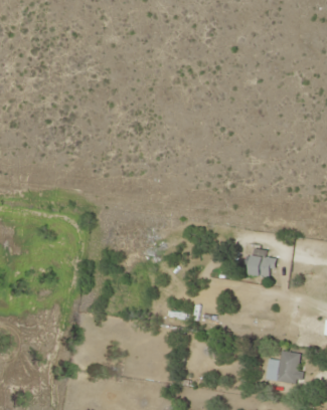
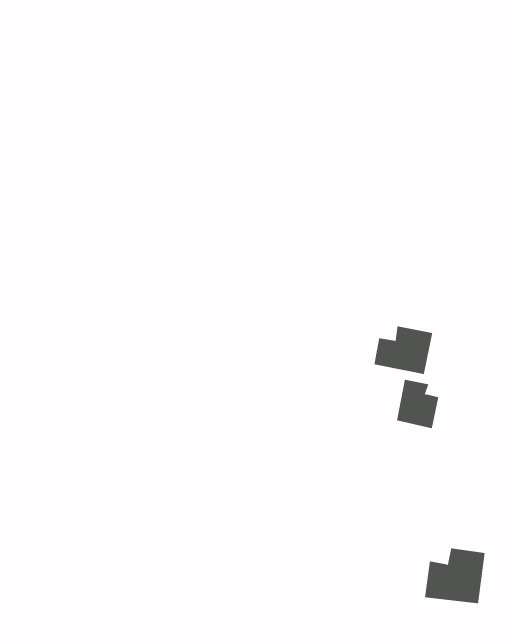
building: none -> [374,326,433,375]

